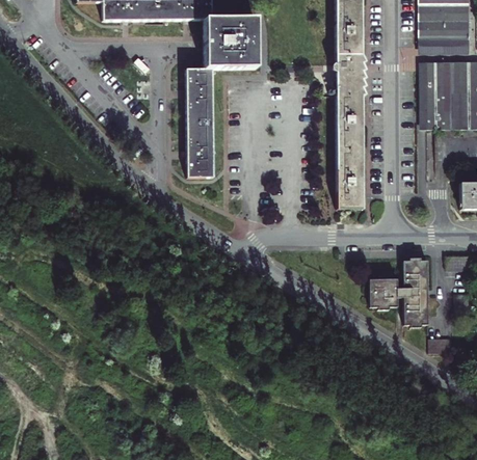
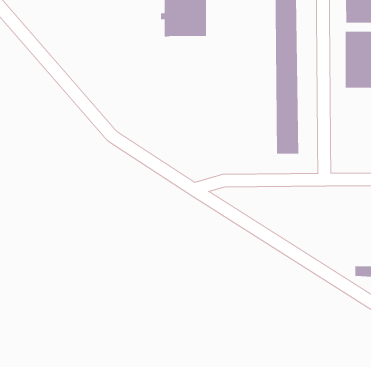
building: [182,67,213,174] -> none
building: [373,260,431,324] -> none

